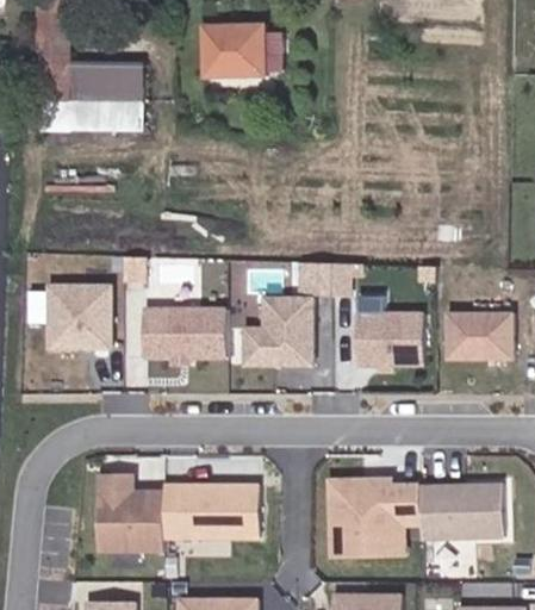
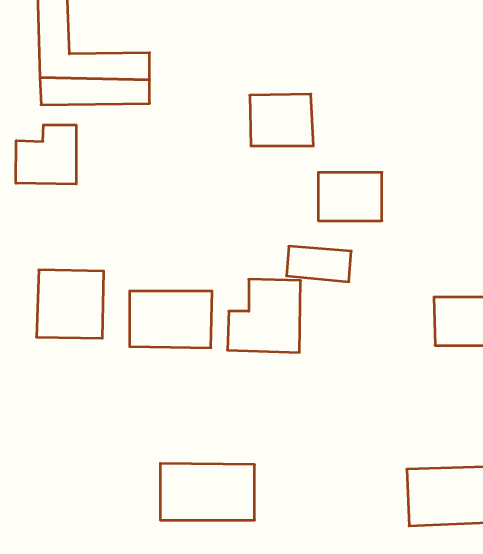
building: [217,27,281,80] -> [250,94,313,146]
building: none -> [16,125,76,184]
building: [359,310,423,359] -> [318,172,382,221]
building: [95,472,163,553] -> none
building: [328,477,421,561] -> none

